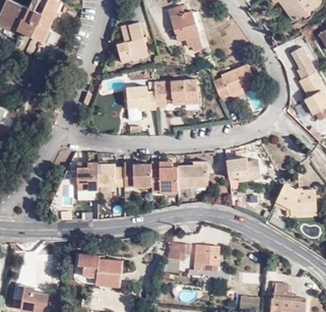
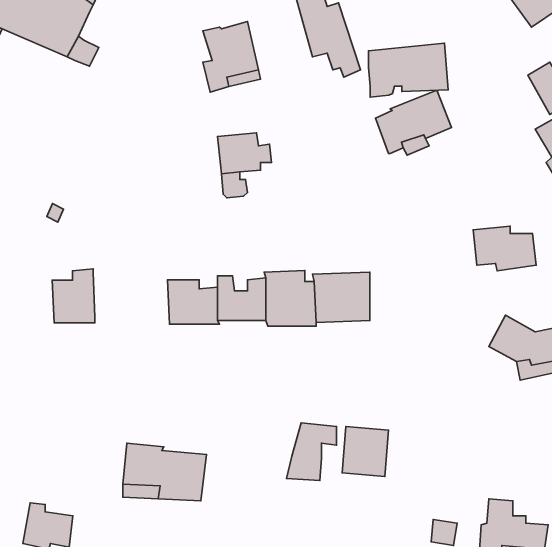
building: [153,77,197,107] -> [368,43,448,97]
building: [225,155,260,180] -> [473,226,536,271]
building: [75,163,99,192] -> [52,269,95,323]

